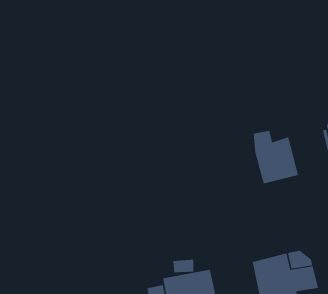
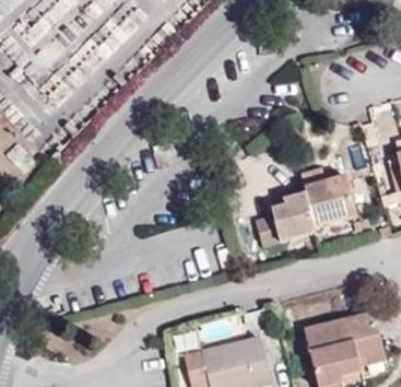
building: none -> [258,194,319,246]

